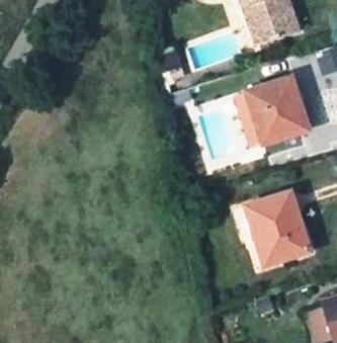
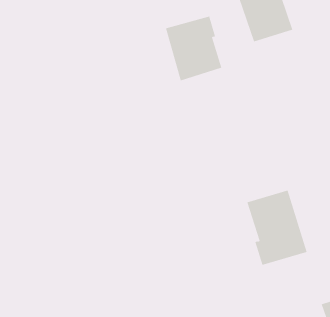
building: [244,77,301,142] -> [165,16,222,81]

